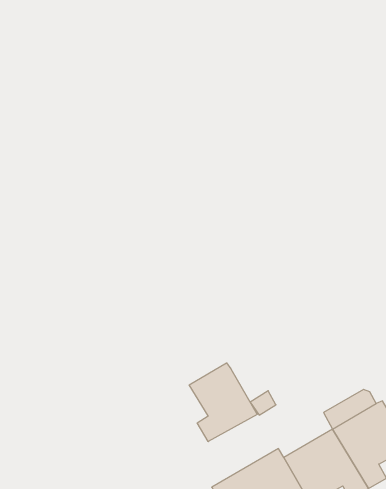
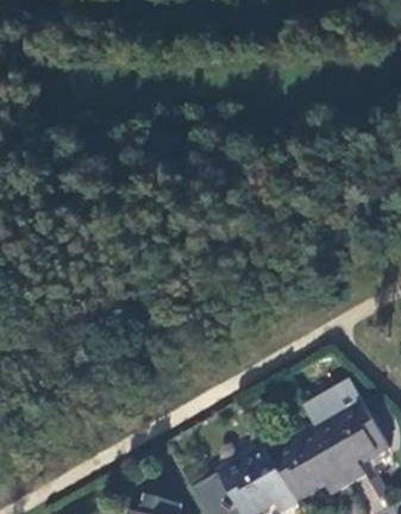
building: [189,363,257,442] -> none

